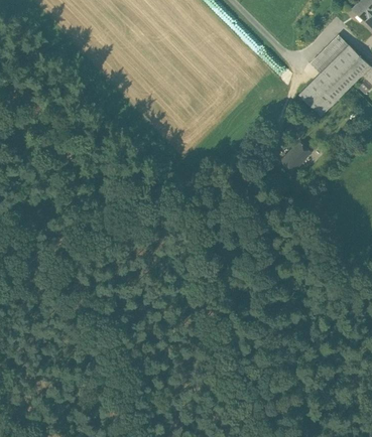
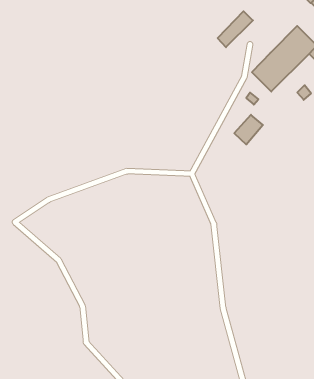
building: [309,34,348,74] -> [218,11,253,47]

